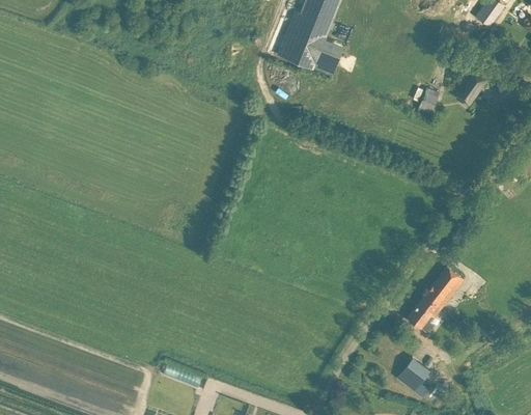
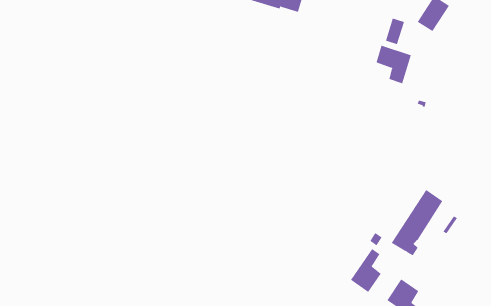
building: none -> [376,45,412,84]
building: none -> [350,248,382,293]

